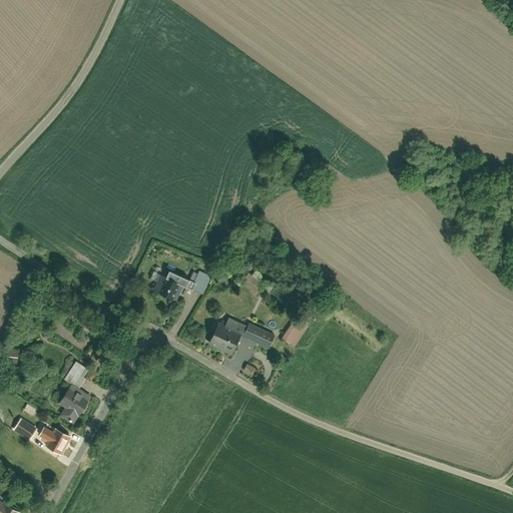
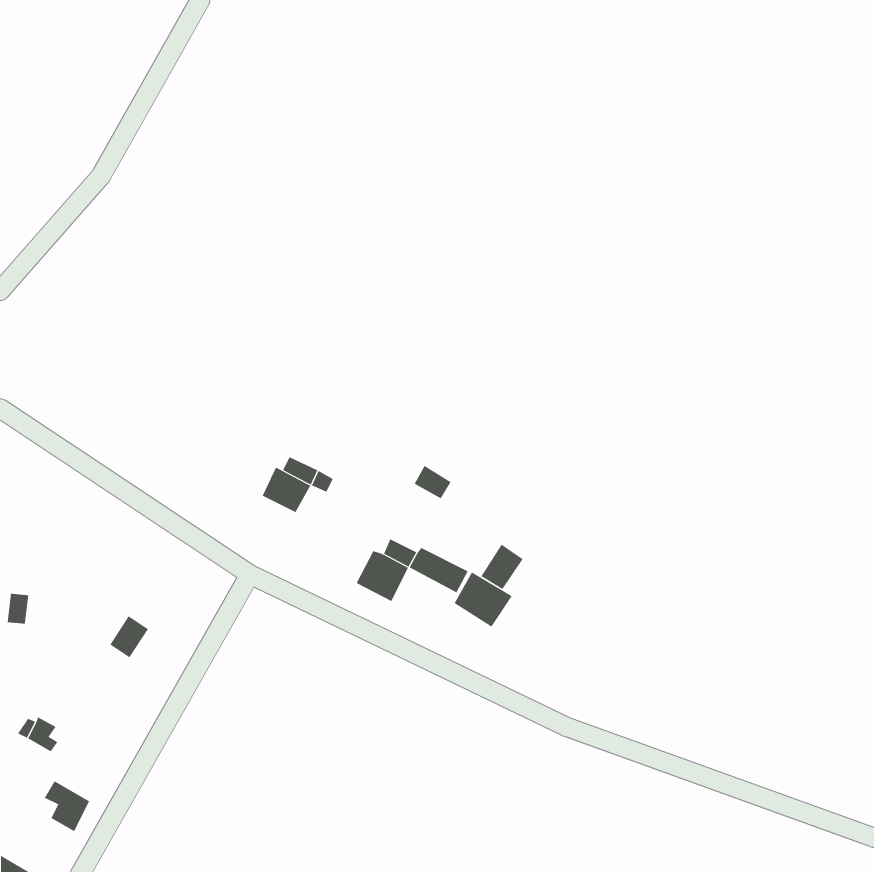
building: none -> [454,571,513,627]
building: [59,387,88,423] -> none
building: [42,425,69,455] -> [44,781,90,832]

